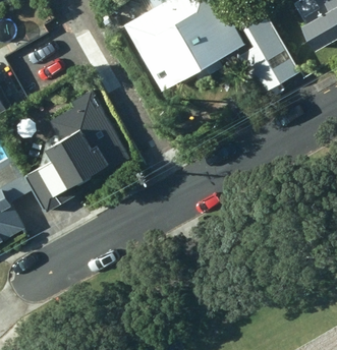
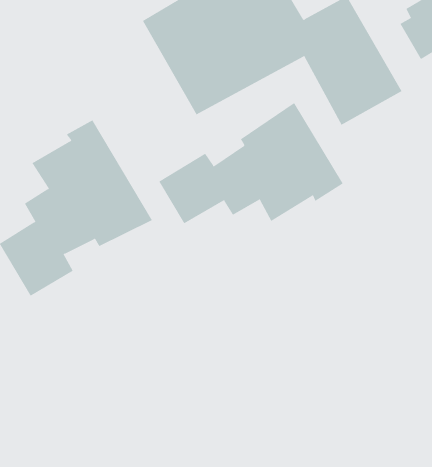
building: none -> [158,102,343,224]

